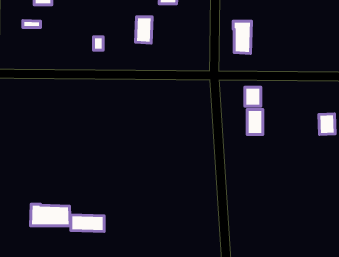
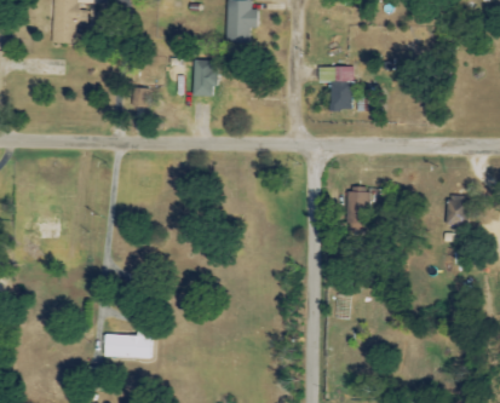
building: [245,87,261,106] -> none
building: [30,204,70,226] -> none

